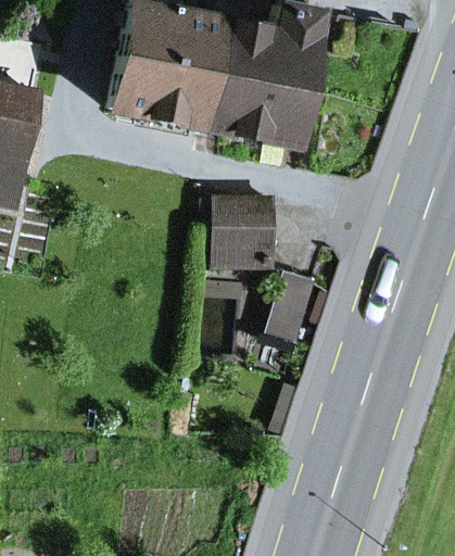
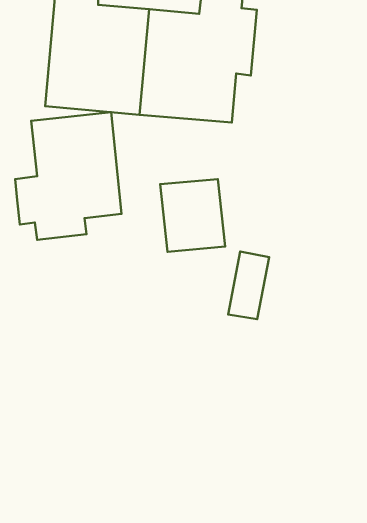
building: none -> [15,112,121,240]

